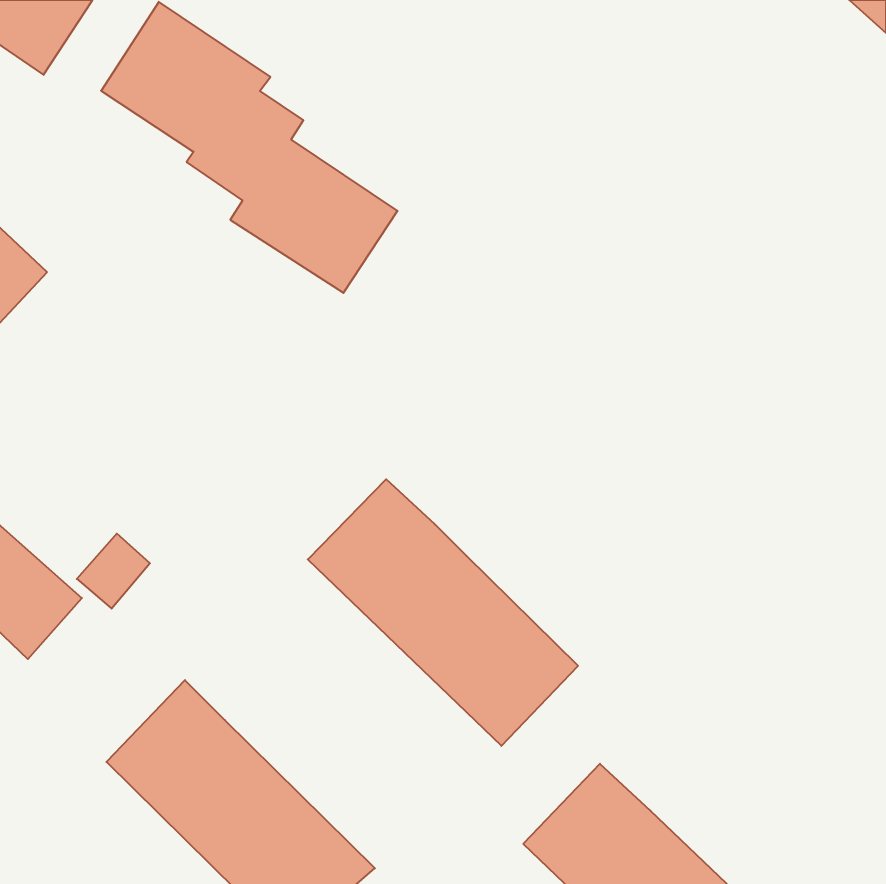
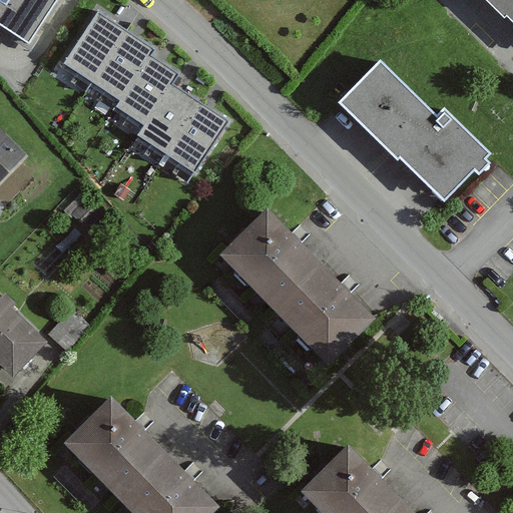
building: none -> [340,64,489,202]
building: [308,479,578,746] -> [217,207,373,361]

